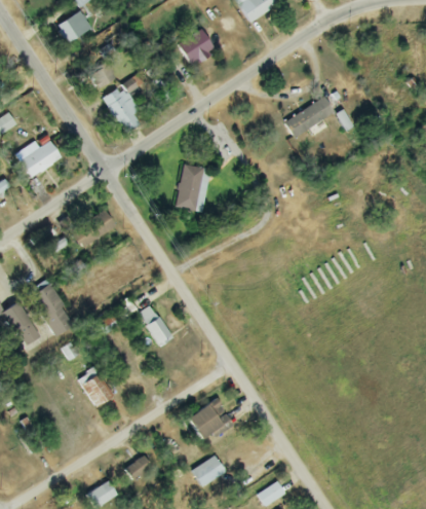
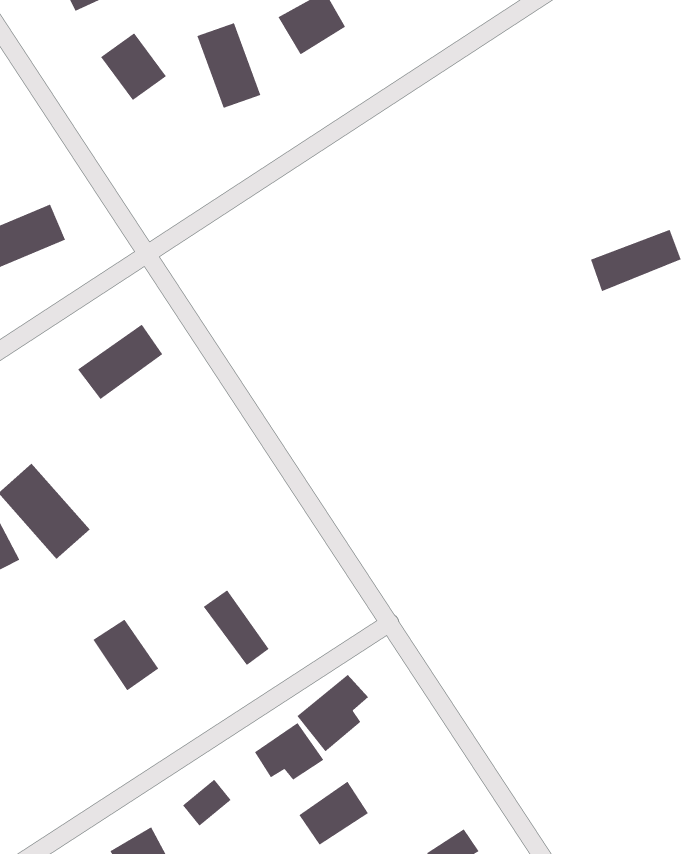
building: [106,85,141,132] -> [196,23,261,108]
building: [284,100,334,134] -> [590,229,682,292]
building: [175,162,206,211] -> none
building: [138,304,173,346] -> [203,590,269,666]
building: none -> [254,722,324,781]

